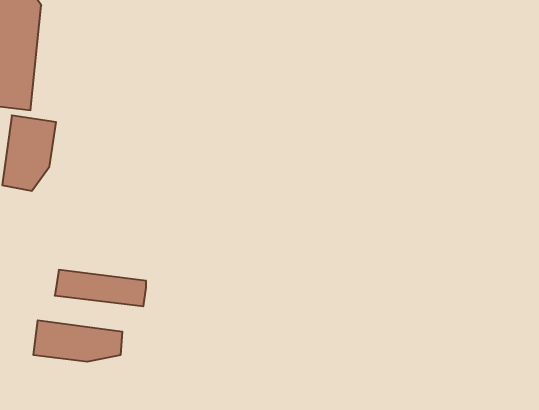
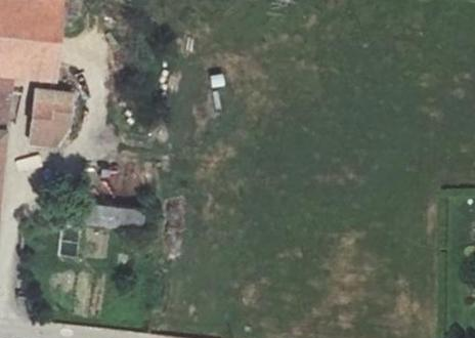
building: [33,320,122,362] -> none

